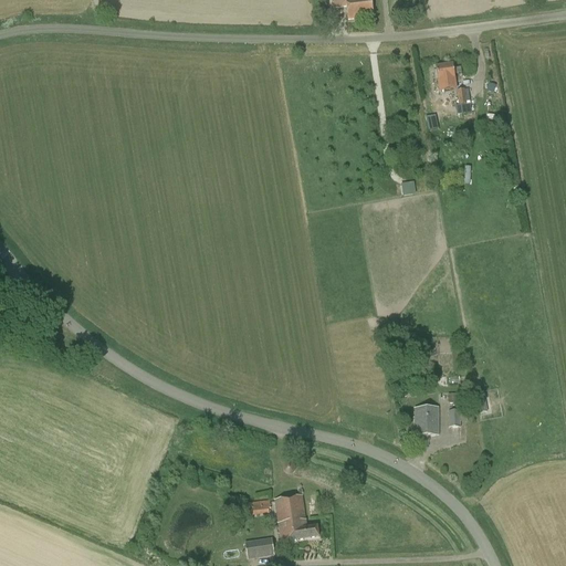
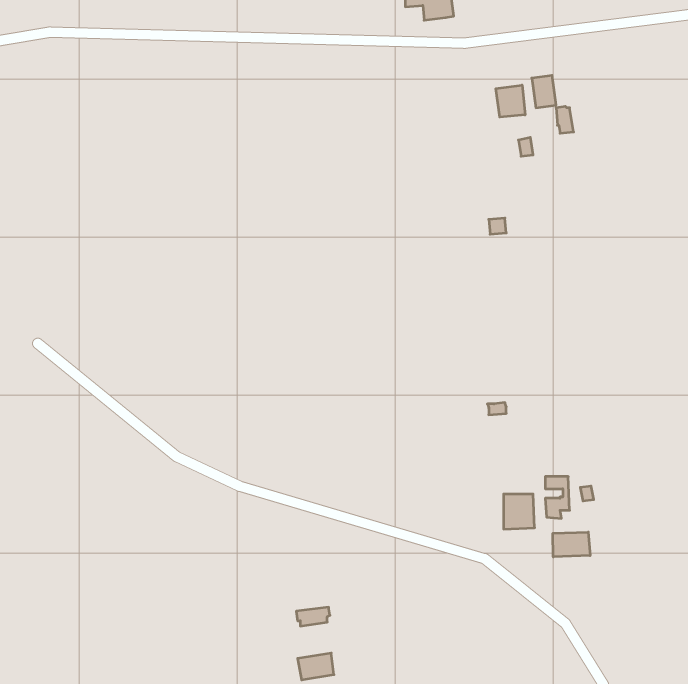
building: none -> [496,85,525,117]
building: none -> [553,532,590,557]
building: [274,494,318,541] -> none

